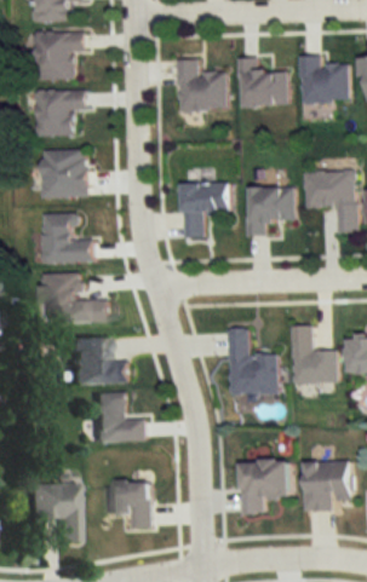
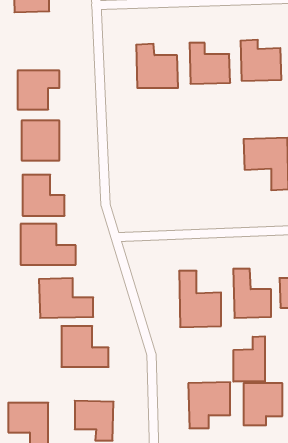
building: [35,31,85,80] -> none
building: [182,183,229,238] -> none
building: [248,186,294,235] -> none
building: none -> [233,336,265,382]

